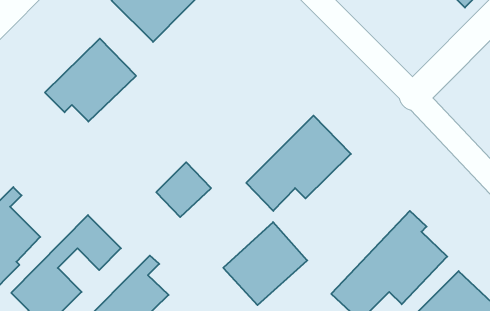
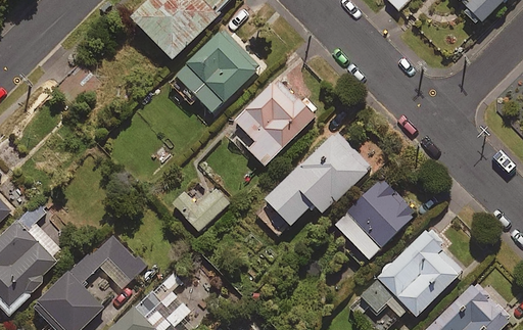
building: [45,39,136,122] -> [172,33,262,114]
building: none -> [234,77,316,164]
building: [223,222,307,305] -> [335,178,418,260]

